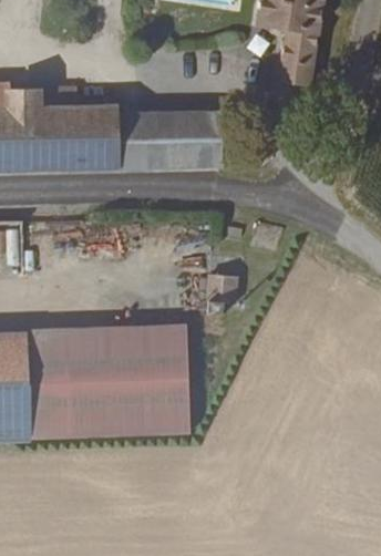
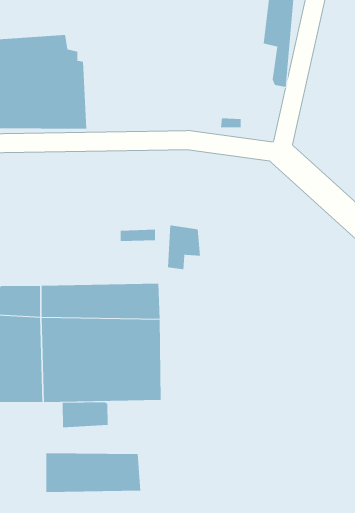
building: [109,106,231,174] -> none
building: none -> [62,401,108,428]
building: none -> [46,452,141,493]

